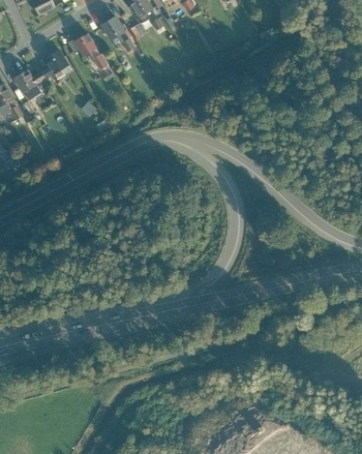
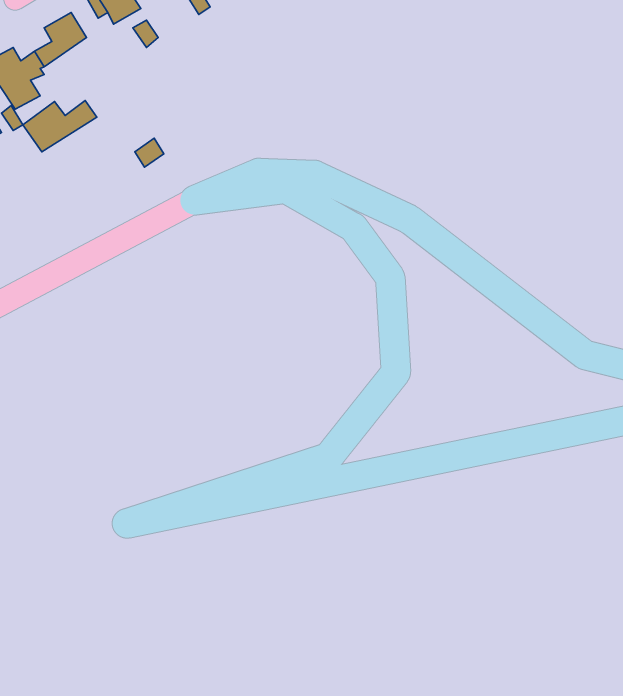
building: none -> [23,100,97,152]

